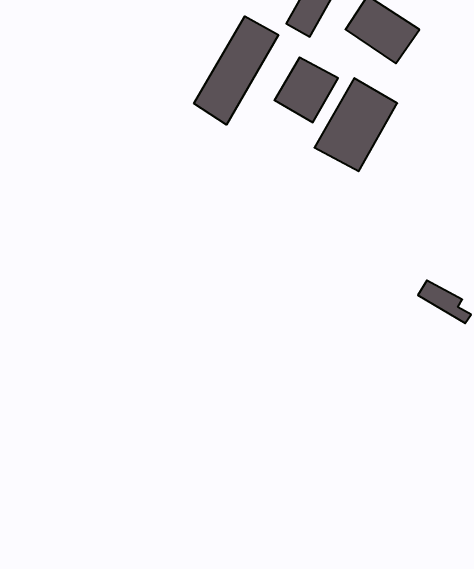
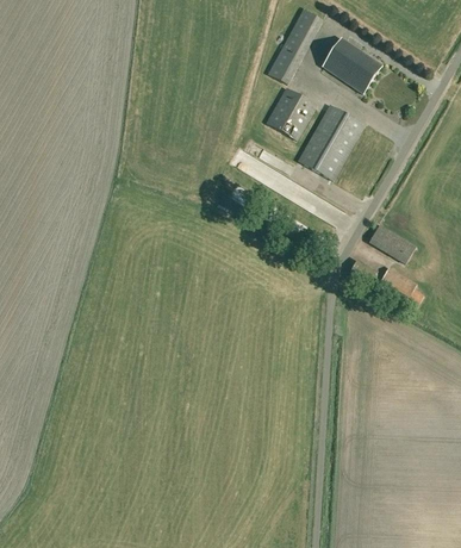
building: [194,16,278,125] -> none
building: none -> [368,224,415,263]

